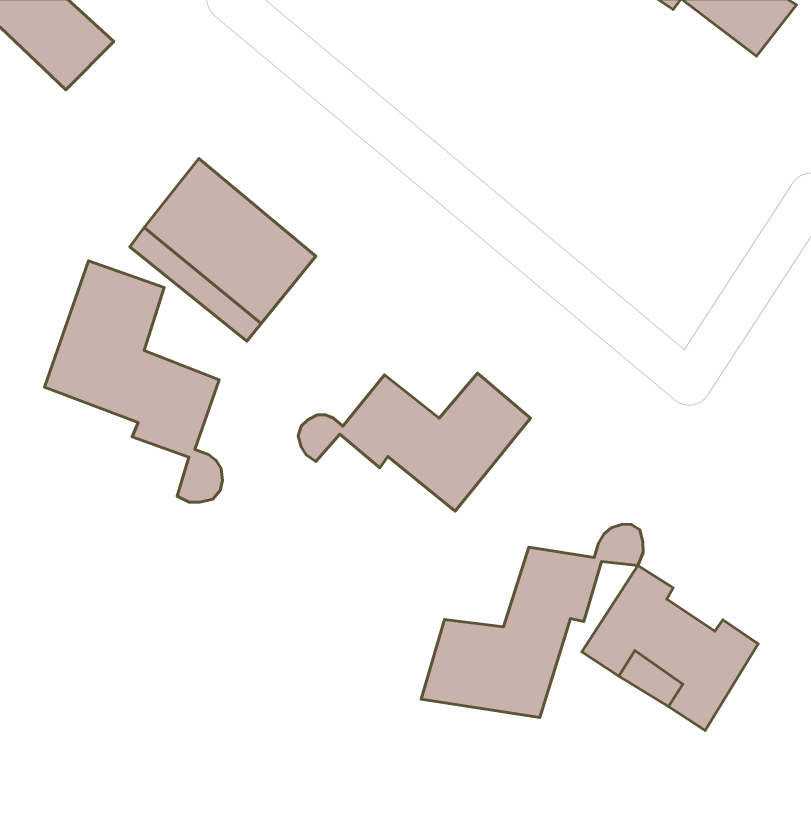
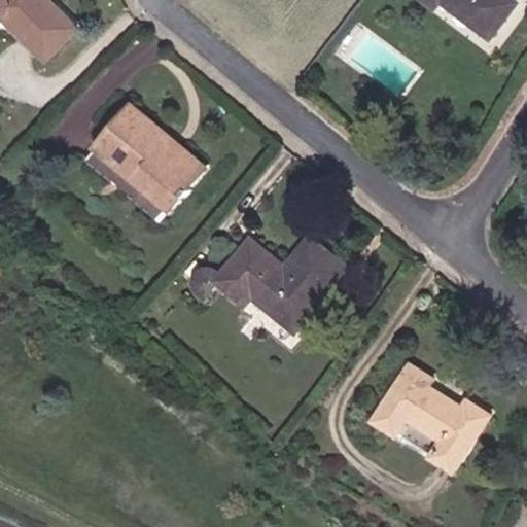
building: [44,261,222,502] -> none
building: [421,524,643,718] -> none

